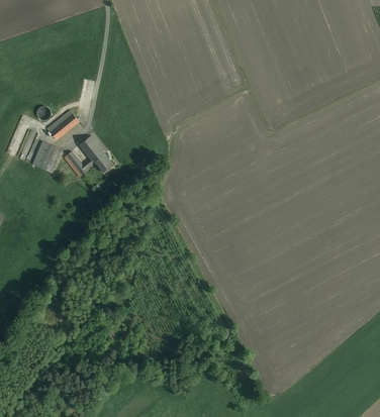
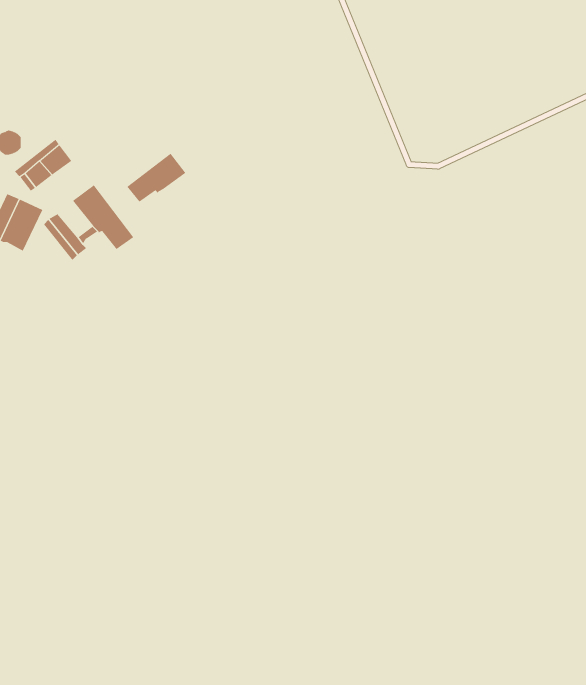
building: none -> [126,153,186,202]

